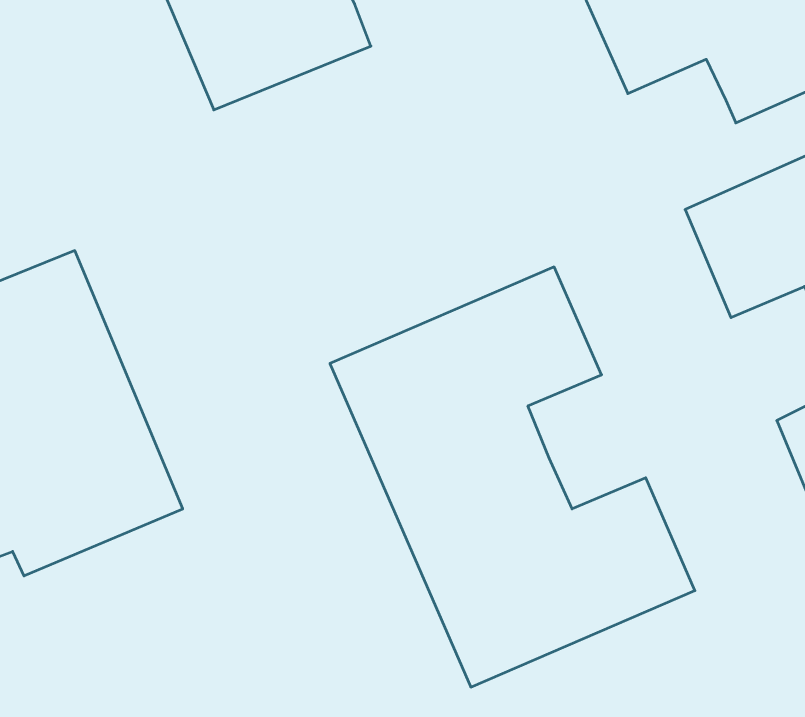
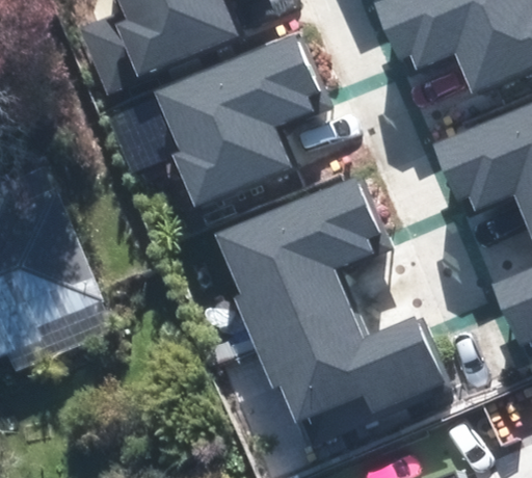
building: none -> [158,31,325,201]

